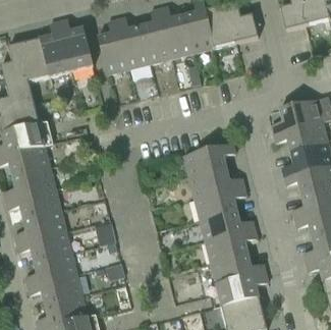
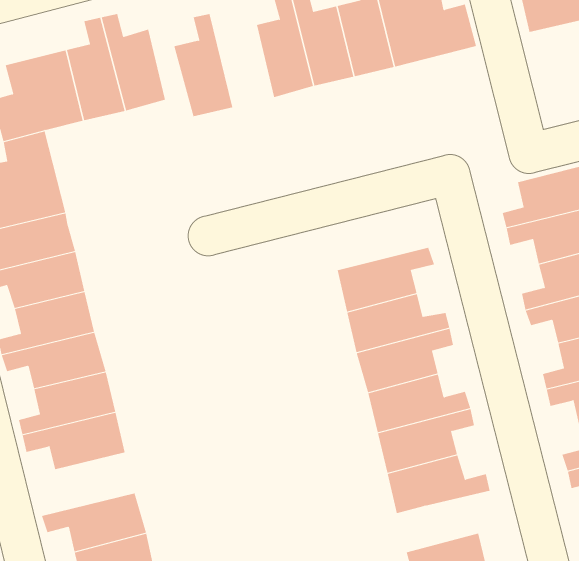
building: [116,16,150,68] -> none
building: [24,252,76,285] -> none
building: [215,272,268,305] -> none

